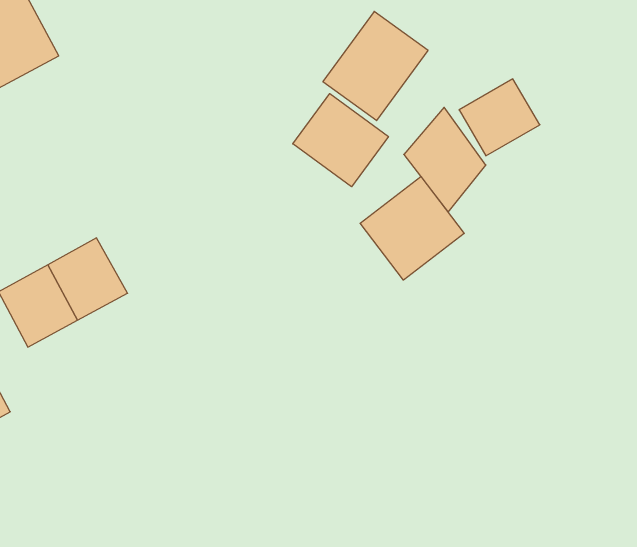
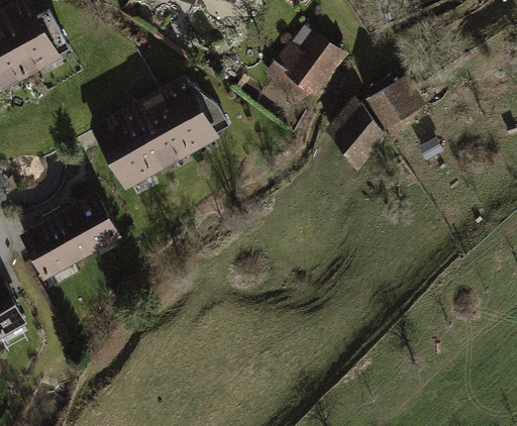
building: none -> [90,76,219,189]
building: [293,94,388,187] -> none
building: [360,177,464,280] -> none

